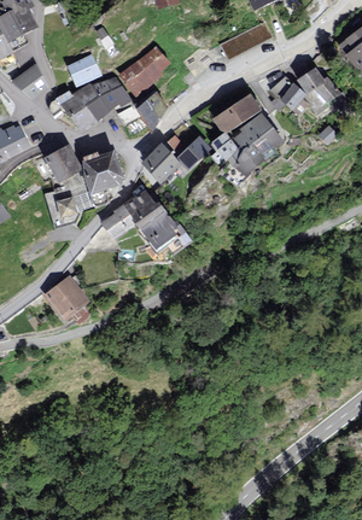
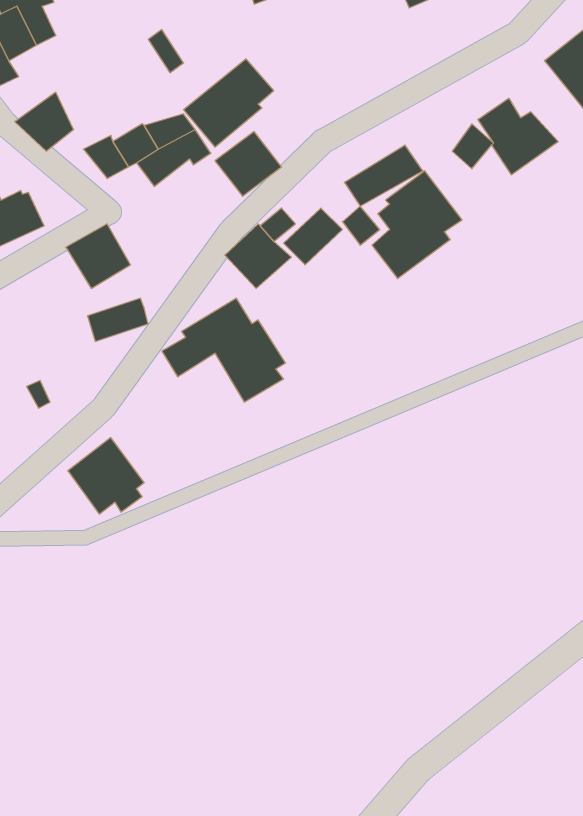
building: [218,21,272,59] -> none
building: [65,53,103,87] -> none
building: [82,151,123,195] -> none

